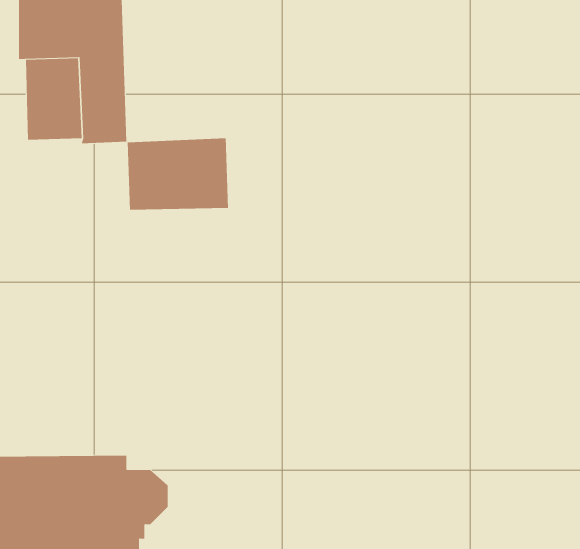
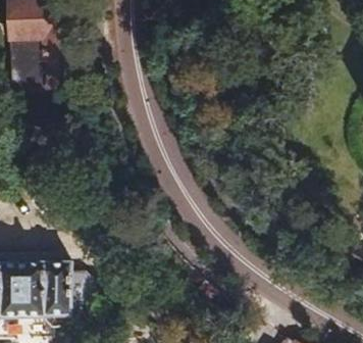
building: [127,138,229,211] -> none

